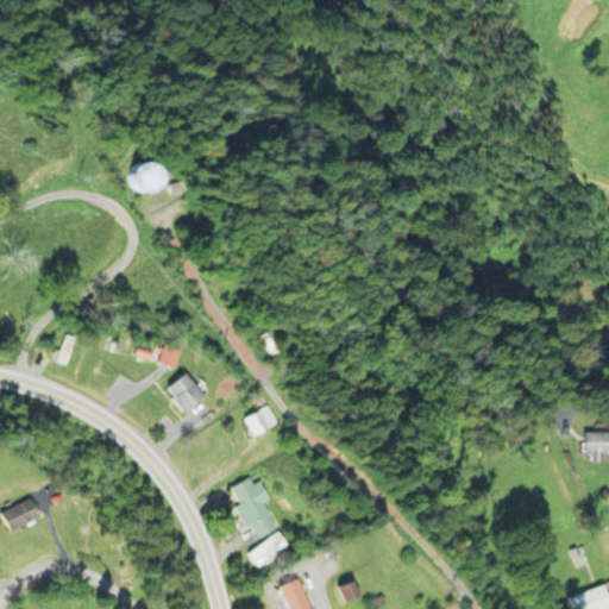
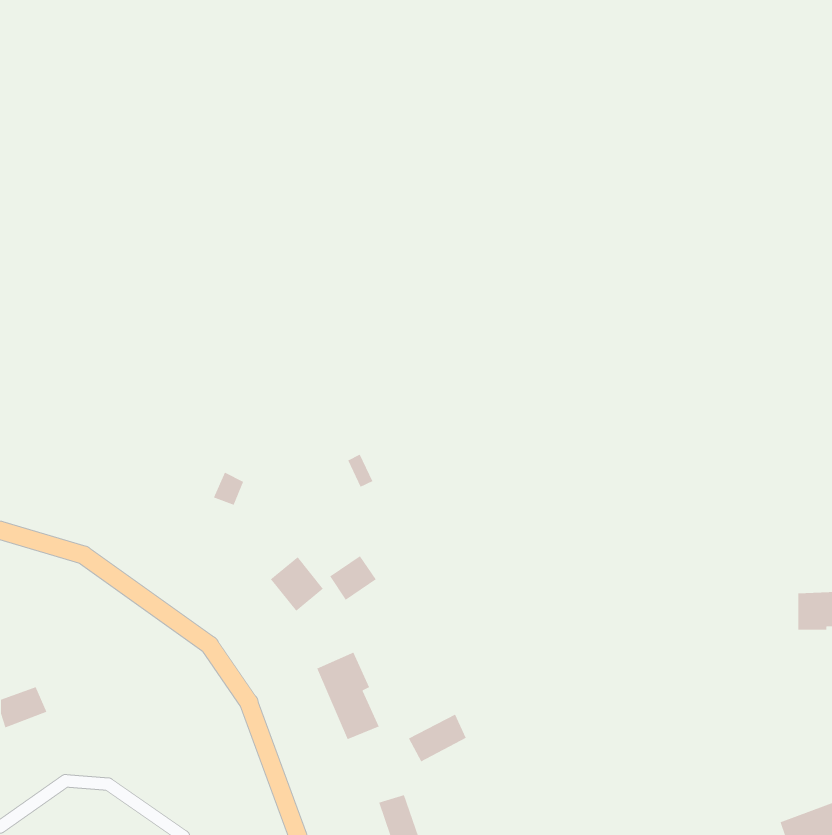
building: [132,161,157,190] -> none
building: [164,372,203,413] -> [270,556,324,612]
building: [249,533,291,569] -> [408,714,467,763]

